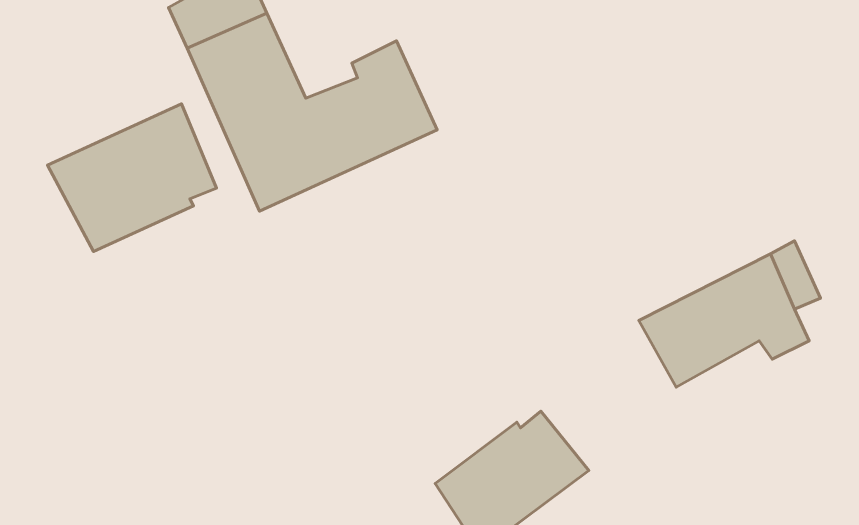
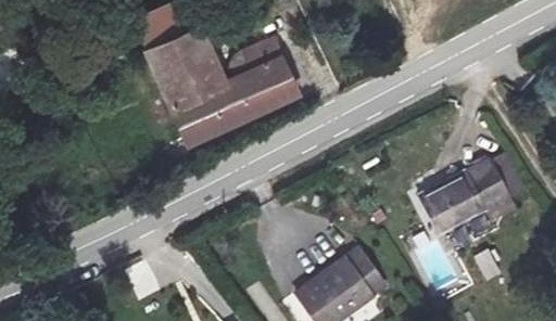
building: [48,104,216,251] -> none

